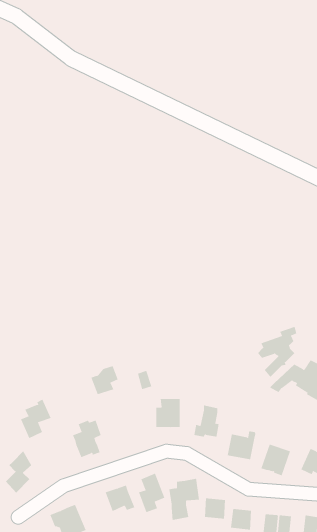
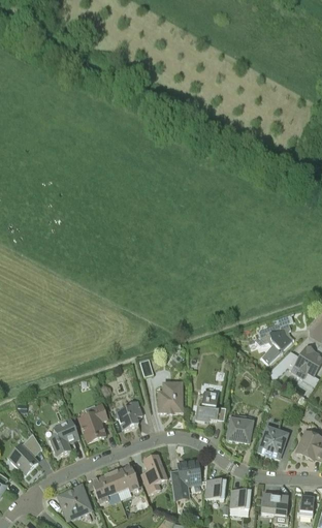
building: [91,366,119,395] -> [116,401,142,429]
building: [20,399,52,439] -> [49,417,78,456]
building: none -> [91,473,117,502]

